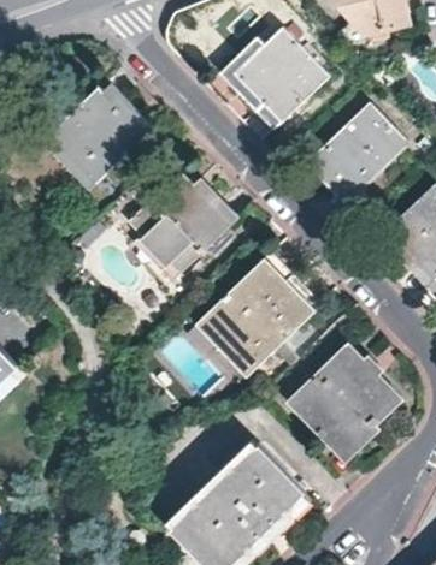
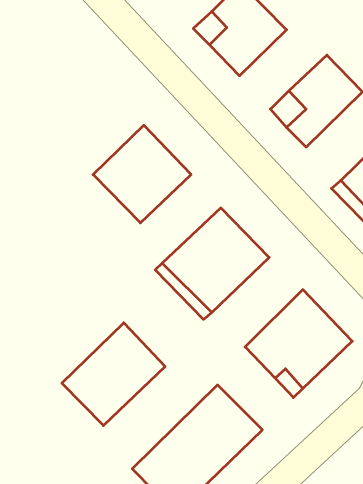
building: [48,78,153,183] -> none
building: none -> [62,323,165,426]

